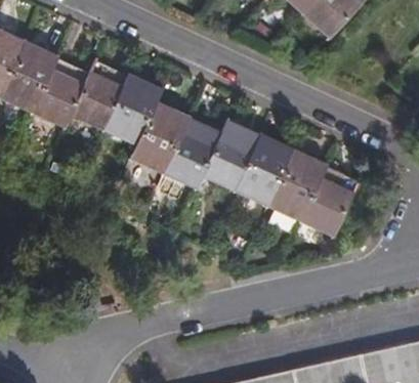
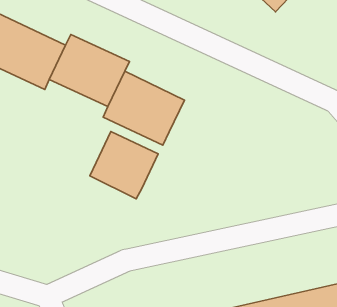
building: [203,125,355,235] -> none
building: none -> [90,131,158,199]

